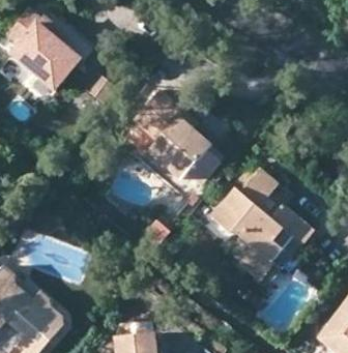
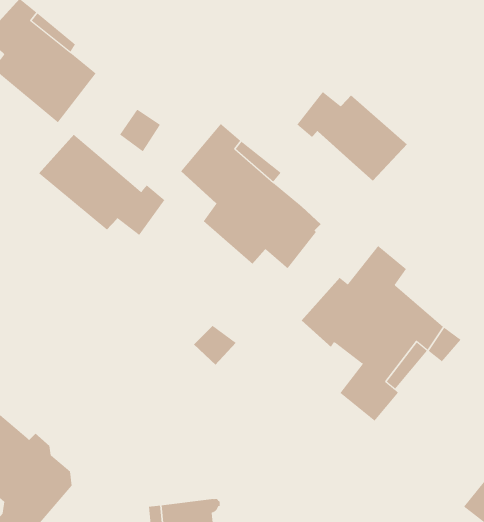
building: none -> [297,91,408,181]
building: none -> [38,134,165,236]

